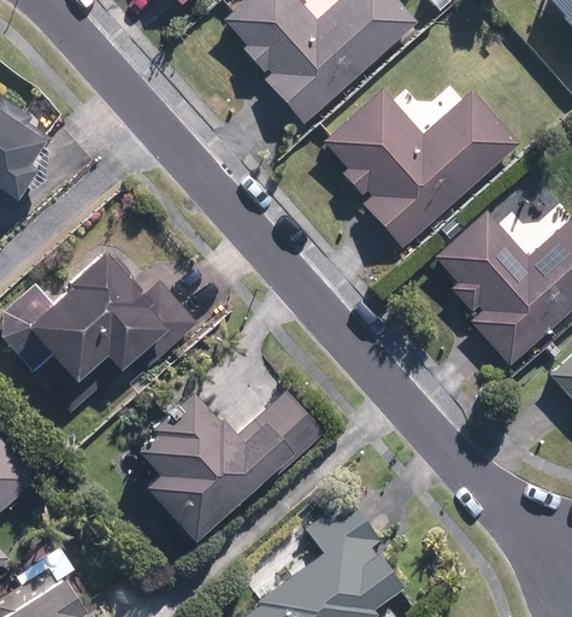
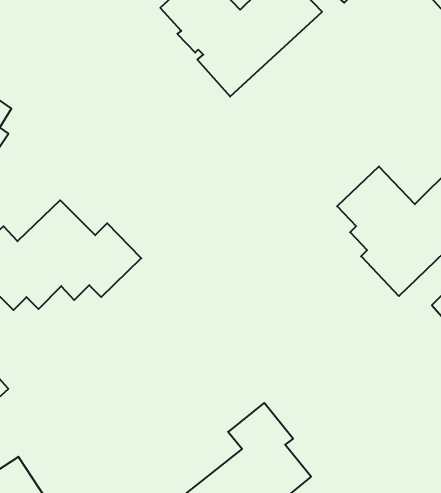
building: [325,88,520,252] -> none
building: [136,388,326,540] -> none

